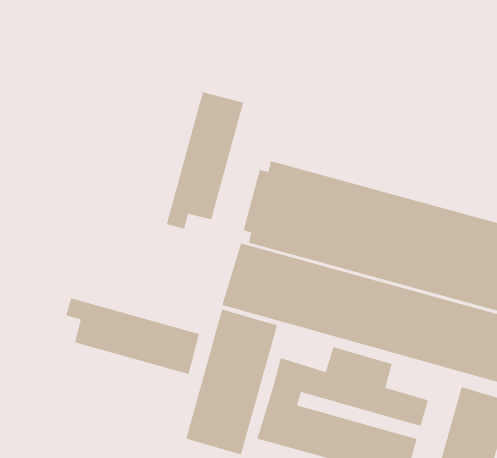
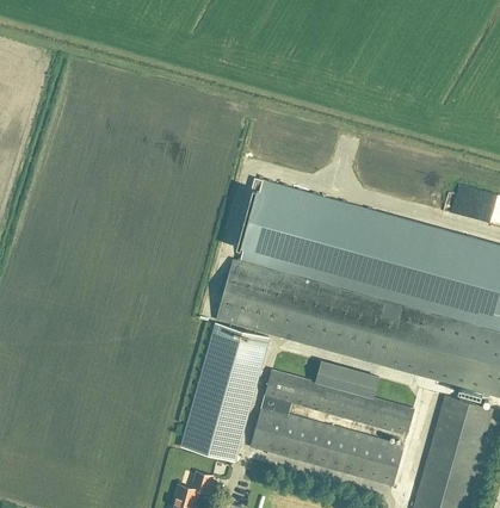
building: [166,92,244,230] -> none
building: [65,298,200,375] -> none

